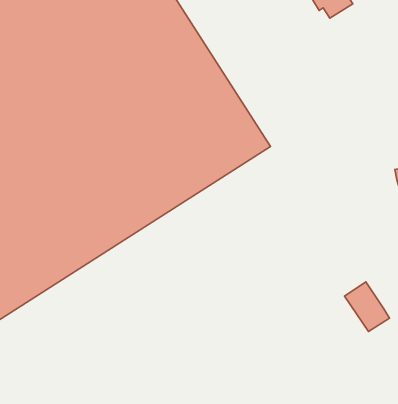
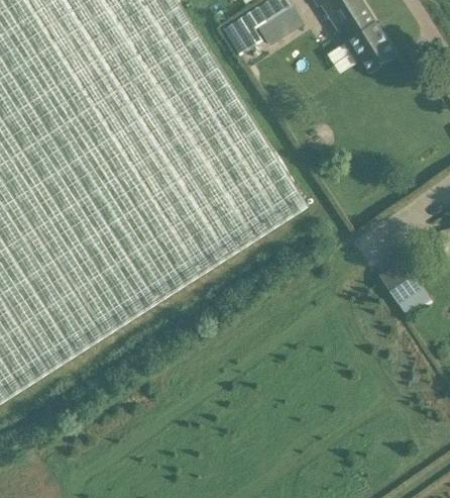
building: [345,282,390,332] -> [378,261,426,313]

